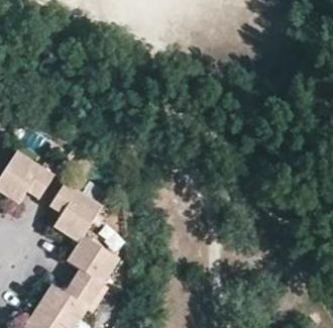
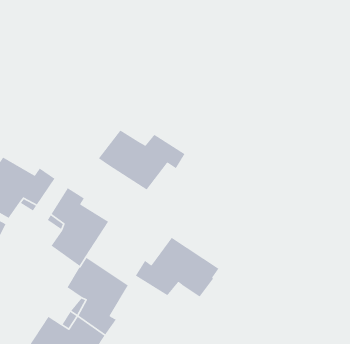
building: none -> [98,129,186,191]
building: none -> [135,237,219,297]

